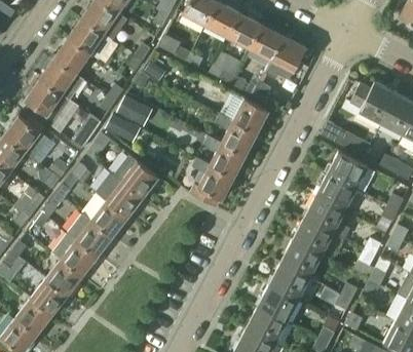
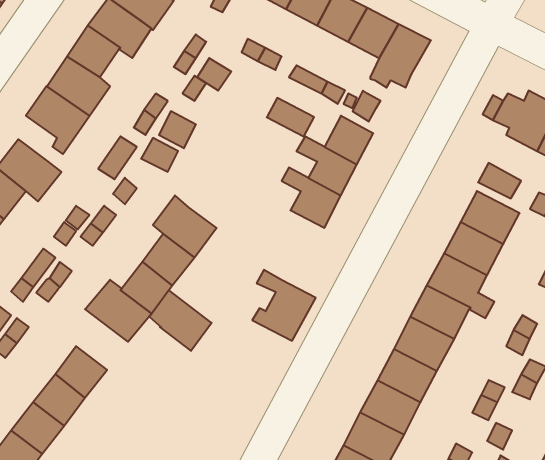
building: [188,158,232,207] -> [252,270,316,341]
building: [52,234,96,276] -> [149,290,212,351]

